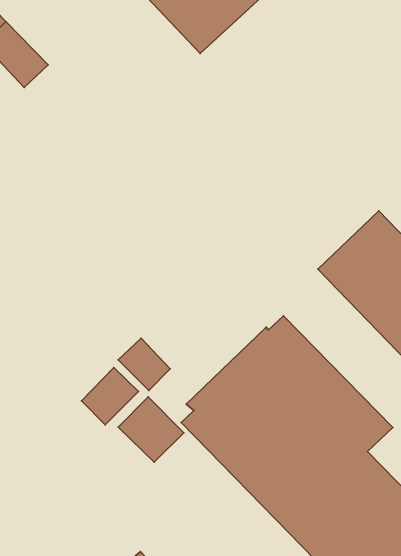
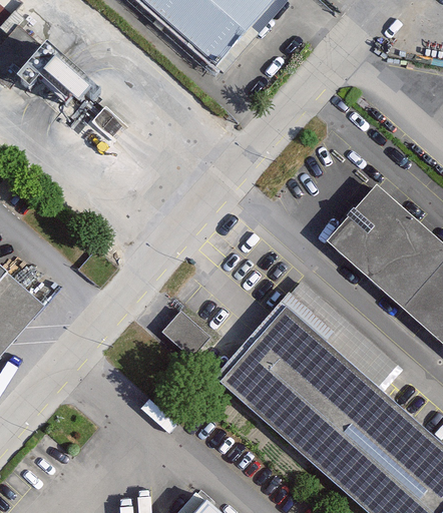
building: [81,367,139,425] -> none
building: [118,397,184,462] -> none

